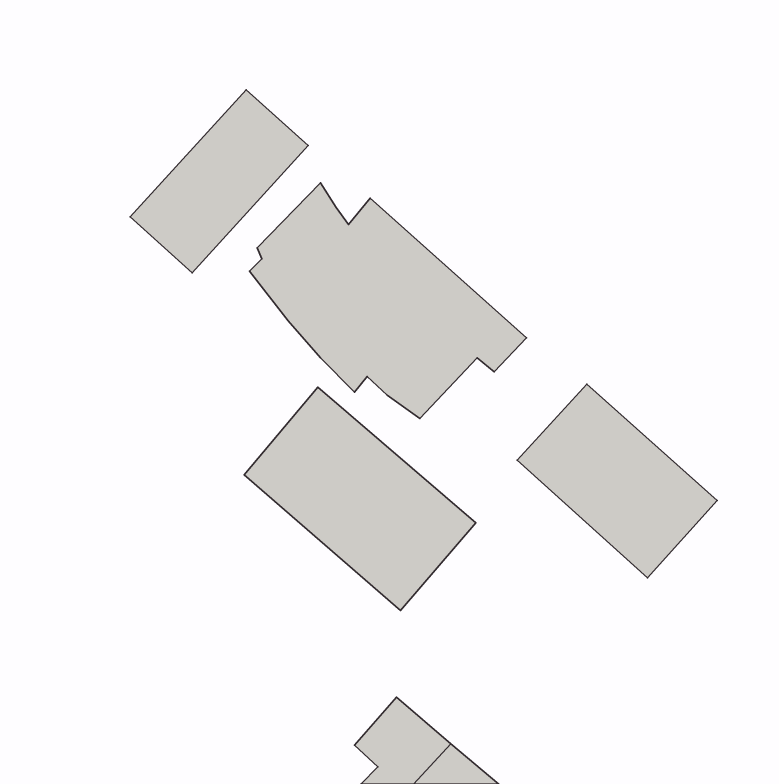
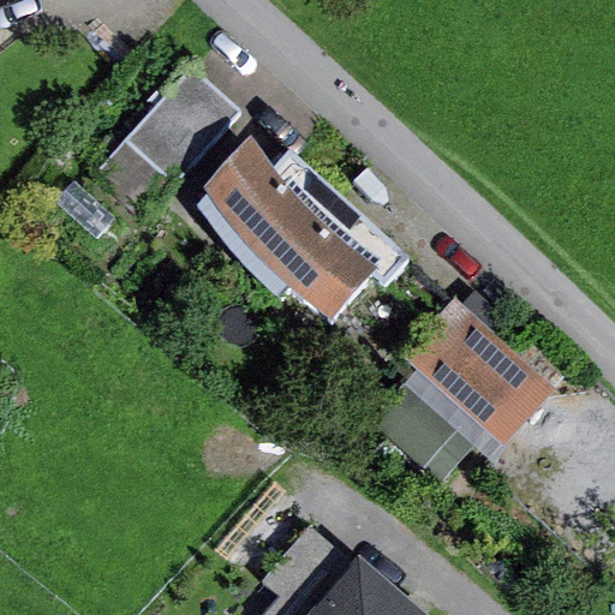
building: [244,387,476,610] -> none
building: none -> [371,370,479,476]

